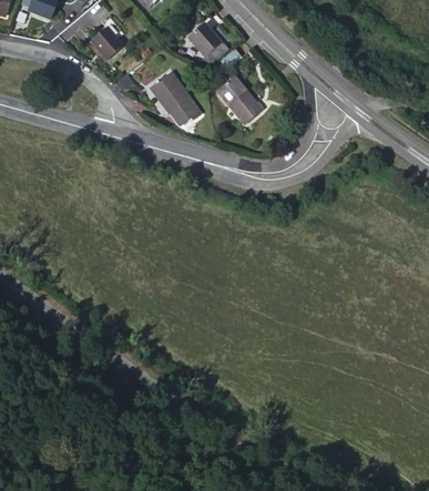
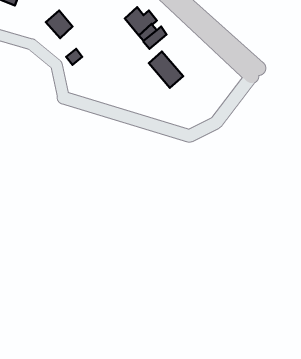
building: [151,72,201,124] -> none

